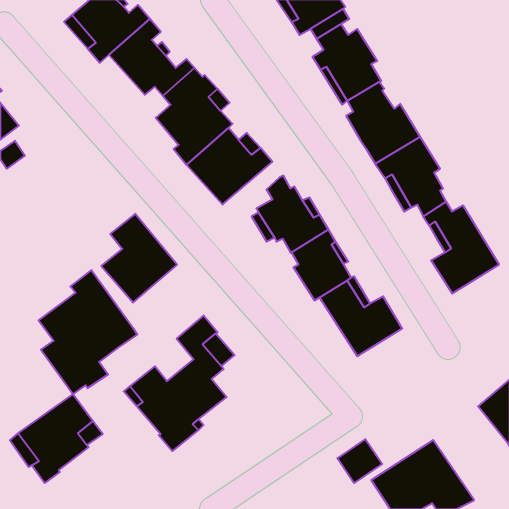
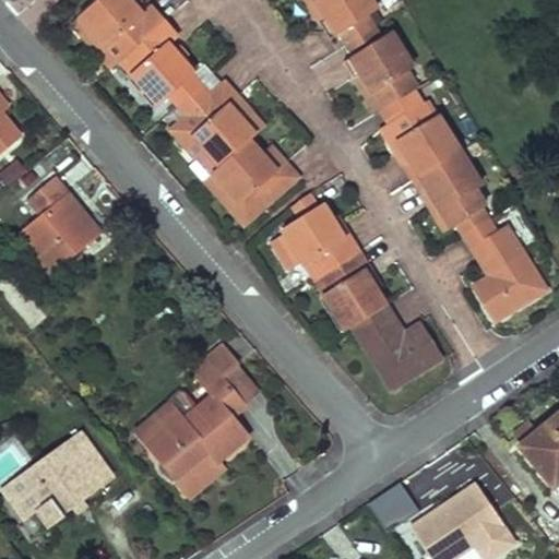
building: [101,214,177,303] -> [17,177,100,274]
building: [39,270,137,394] -> none

